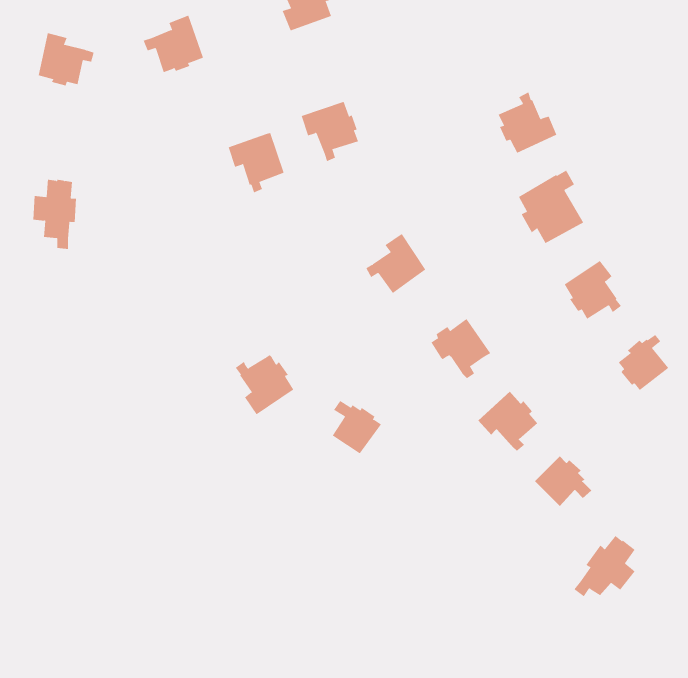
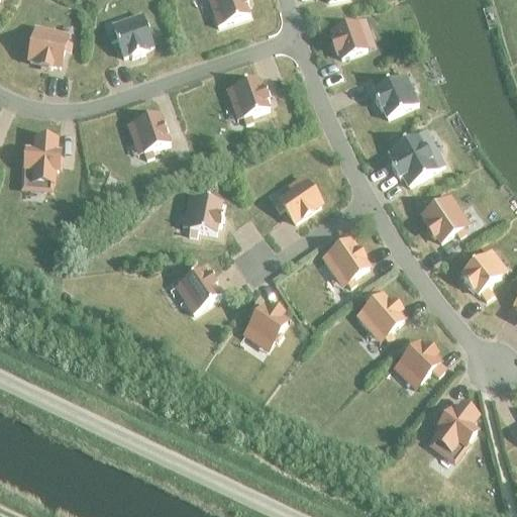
building: none -> [330,18,367,56]
building: [228,132,284,193] -> [126,110,169,156]
building: none -> [185,193,222,233]

